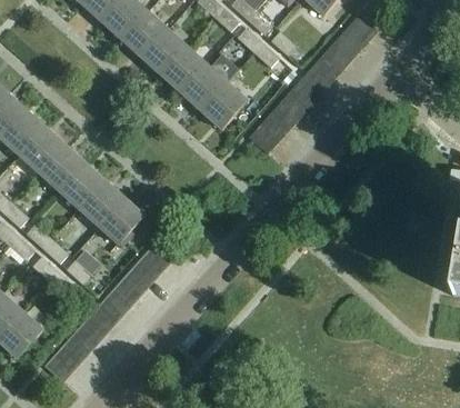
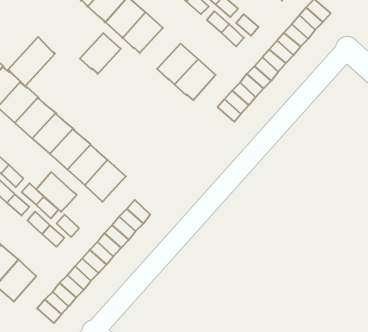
building: [160,46,207,92] -> [80,33,121,74]
building: none -> [8,37,55,86]
building: none -> [36,172,77,212]

